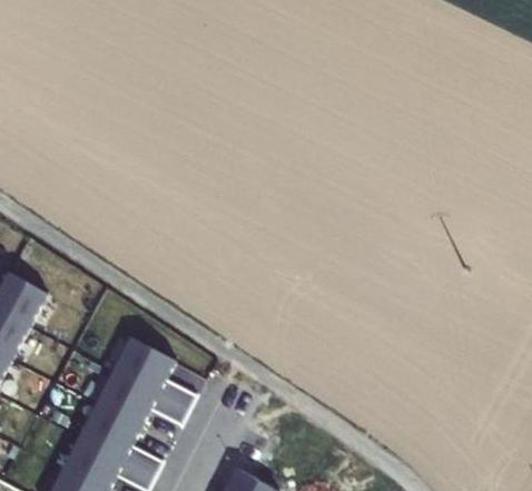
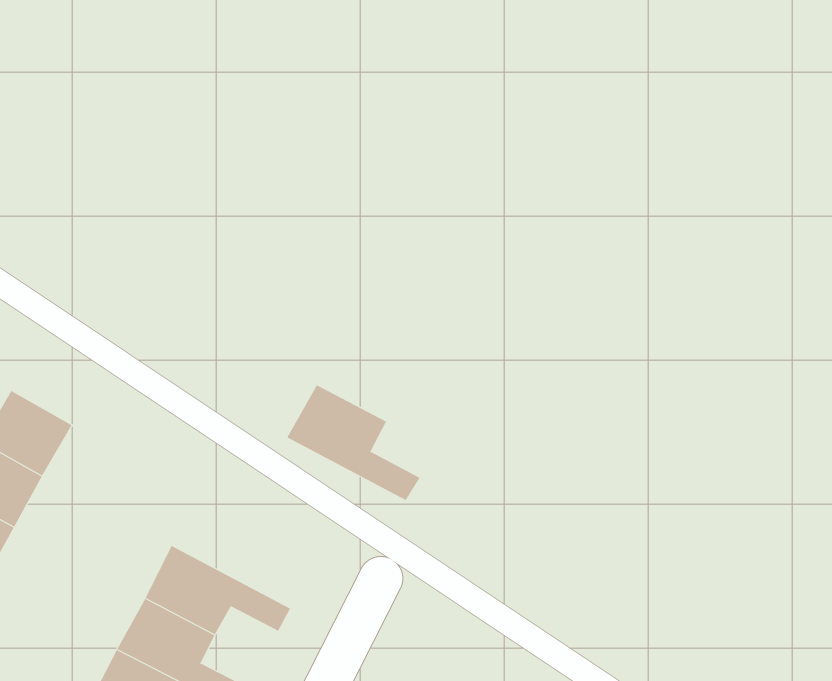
building: [110,338,195,412] -> [286,385,420,501]

